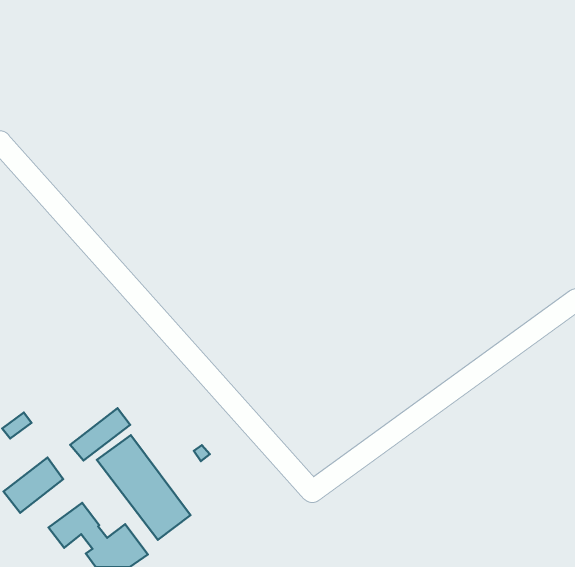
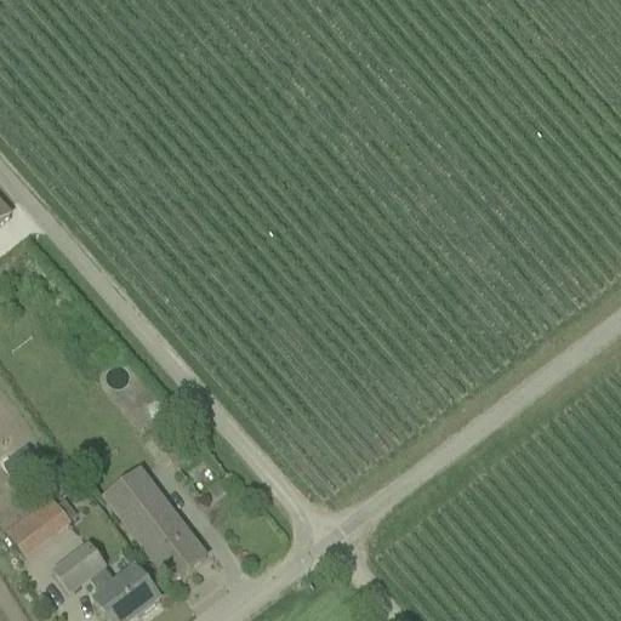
building: [70,408,130,461] -> none

